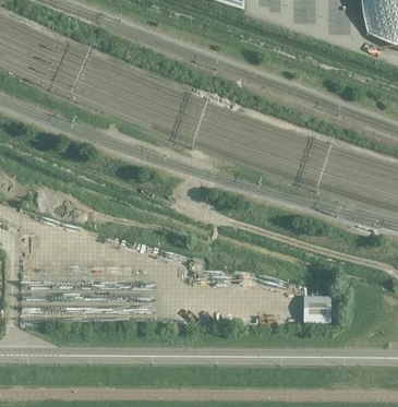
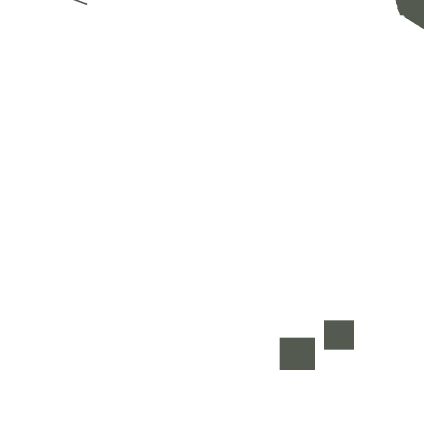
building: none -> [279,337,316,371]

